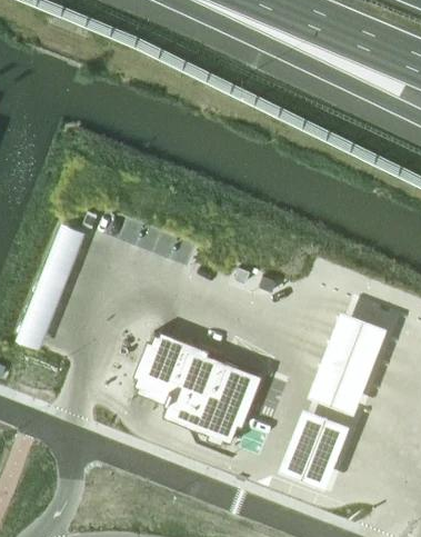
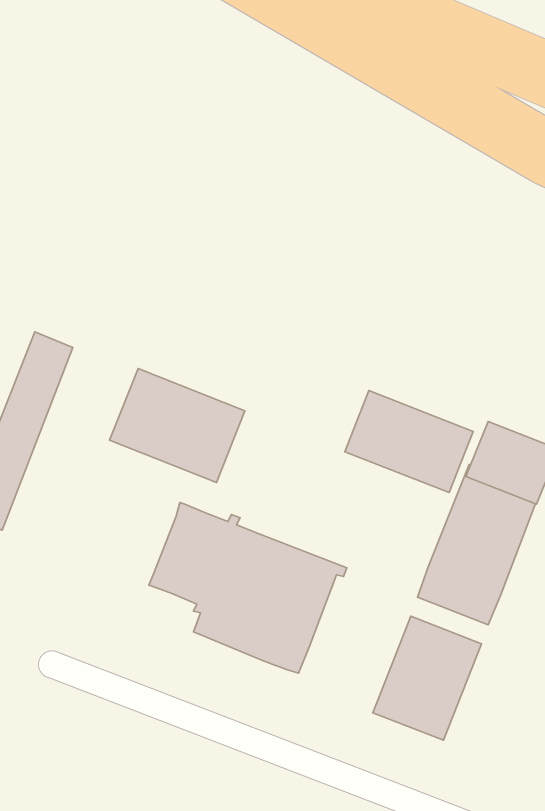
building: none -> [109,369,245,483]
building: none -> [345,391,473,493]

